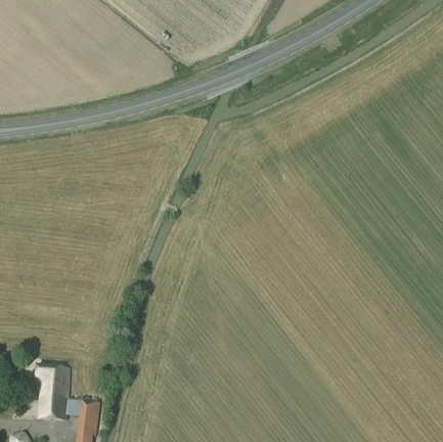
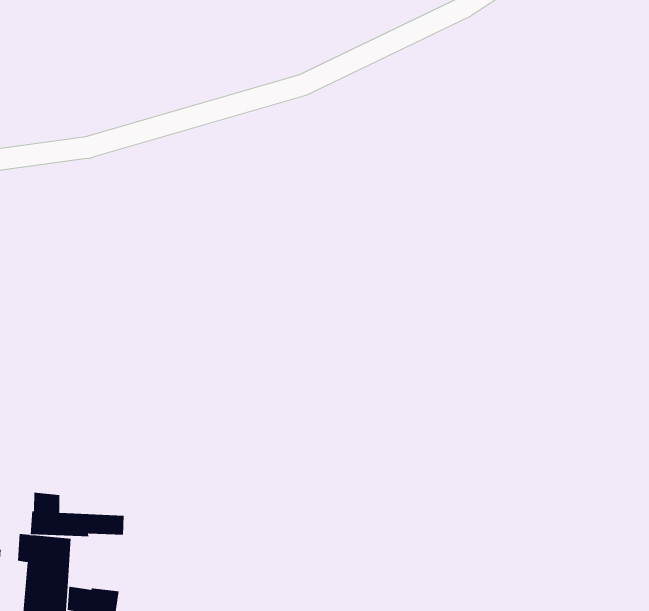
building: none -> [30,492,124,537]

